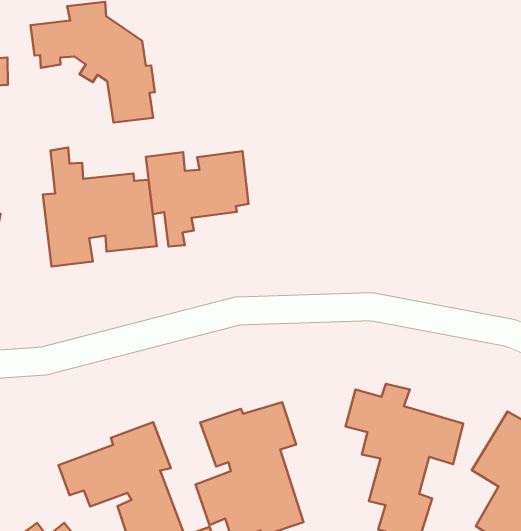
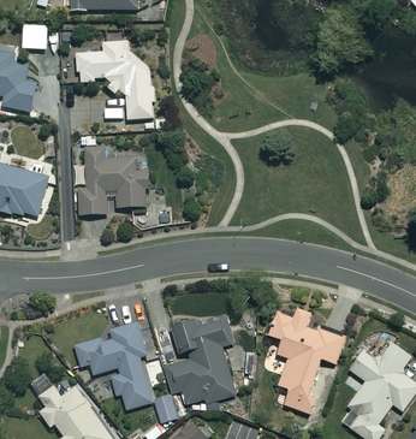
building: [146,151,249,246] -> none

